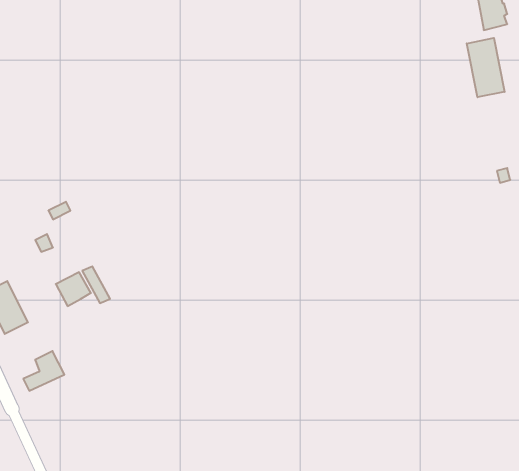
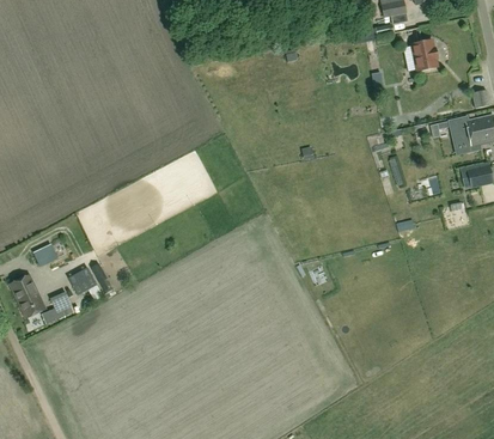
building: [467,38,505,97] -> none
building: [23,351,64,391] -> [41,289,74,322]

